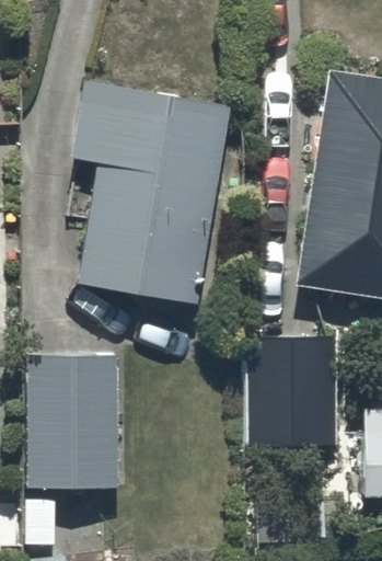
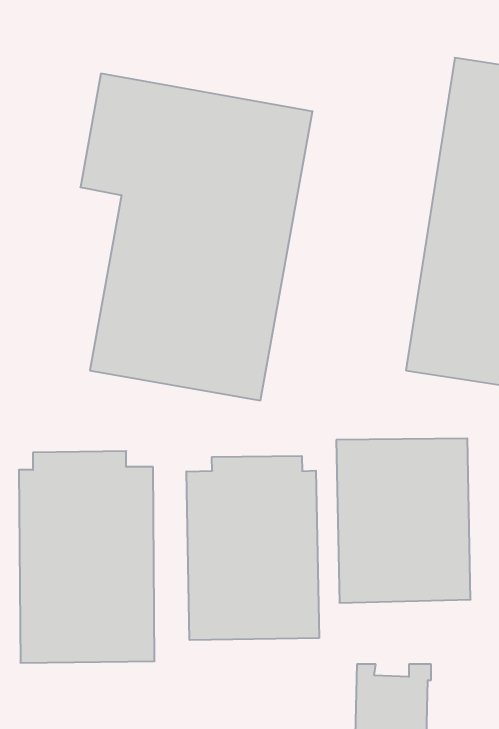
building: none -> [186,456,319,640]

